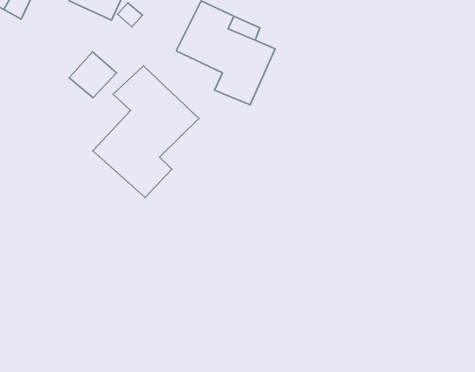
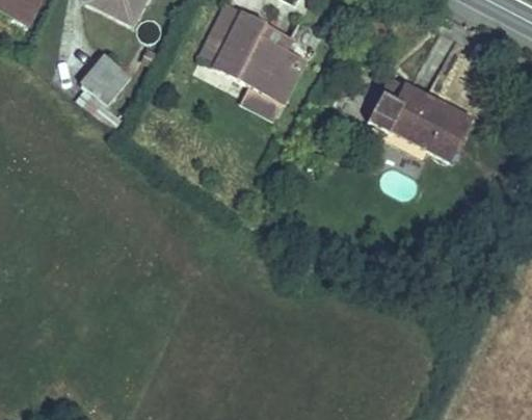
building: [93,66,199,197] -> none
building: none -> [381,81,467,148]

